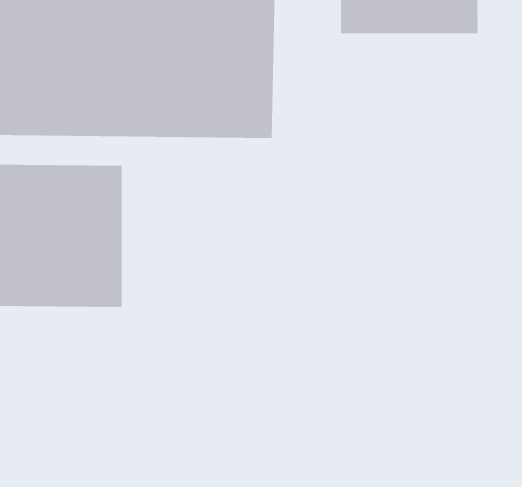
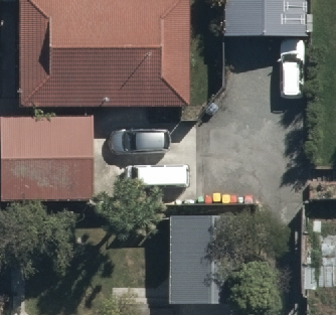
building: none -> [167,217,249,298]

